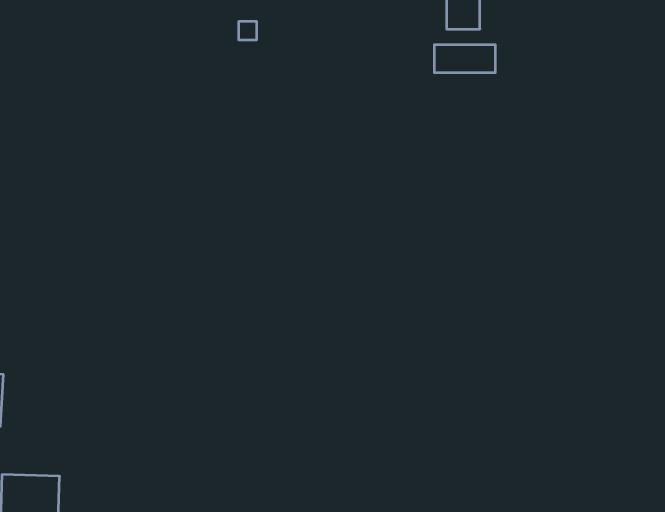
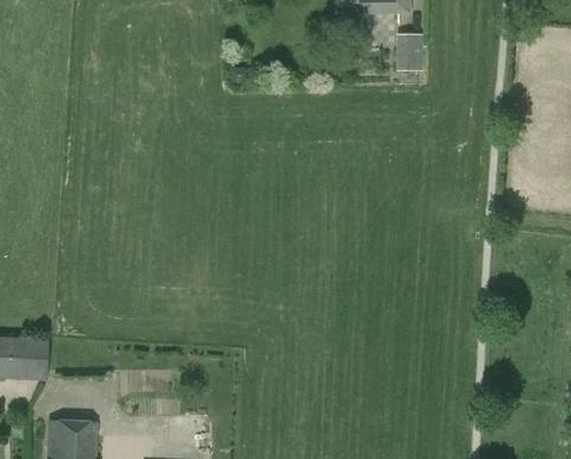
building: [434,45,495,73] -> none

